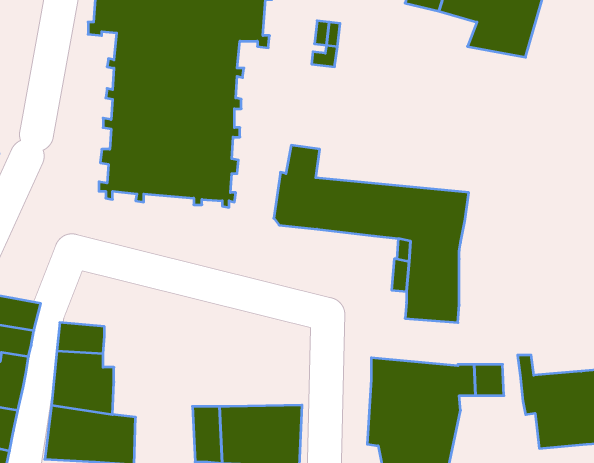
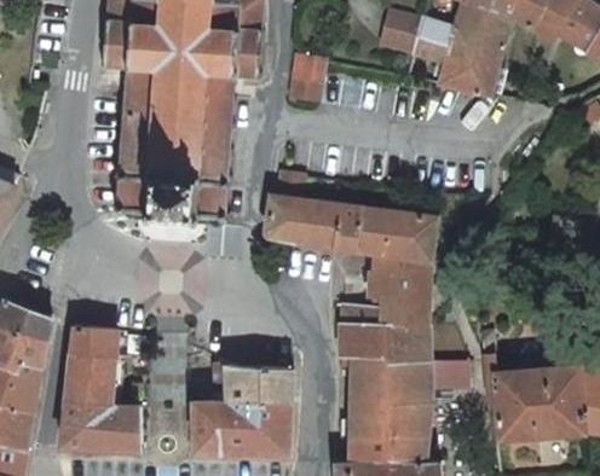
building: none -> [339,306,429,366]
building: none -> [225,364,293,402]

